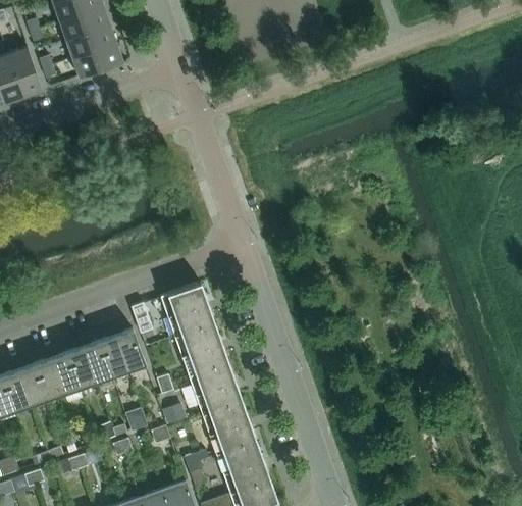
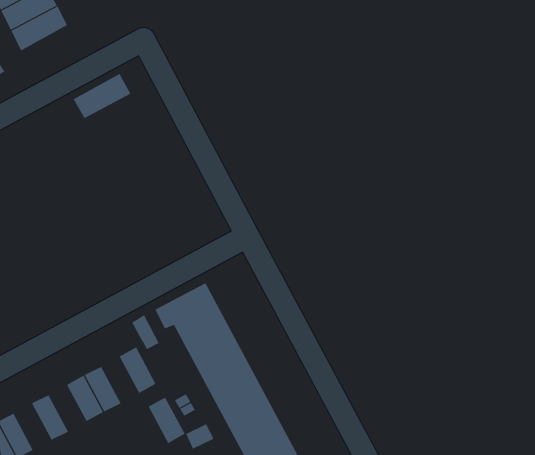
building: [72,43,123,78] -> [73,73,131,119]
building: [100,335,128,375] -> [148,397,185,444]
building: [51,352,80,393] -> none
building: [18,363,47,404] -> none

